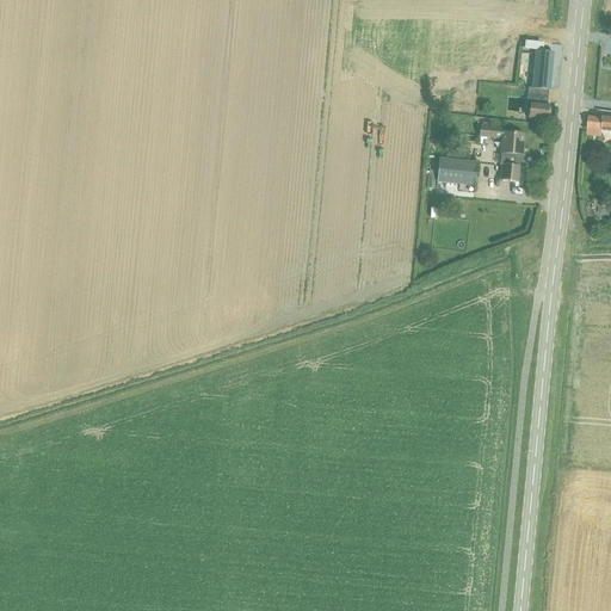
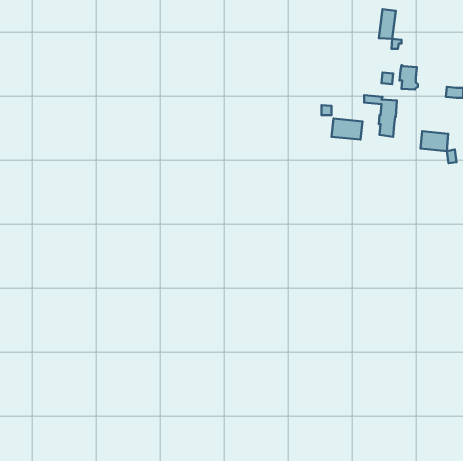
building: [531,49,554,88] -> [379,9,396,39]
building: none -> [420,131,448,151]

